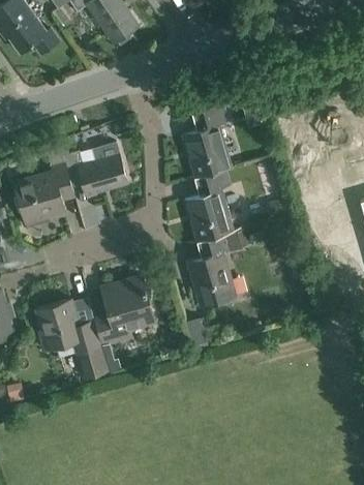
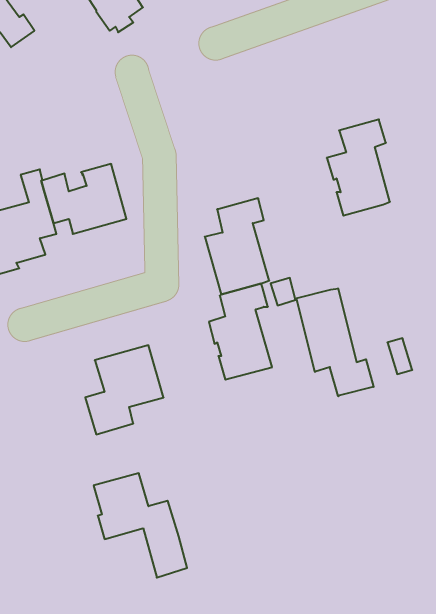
building: [183,104,231,177] -> [327,119,390,216]
building: none -> [296,288,374,396]
building: [36,300,107,378] -> [94,473,187,578]

